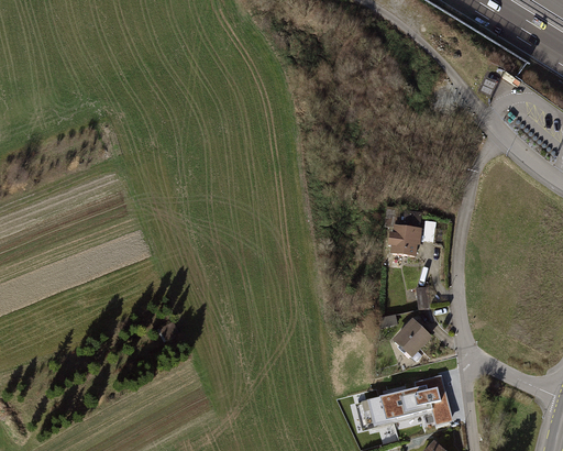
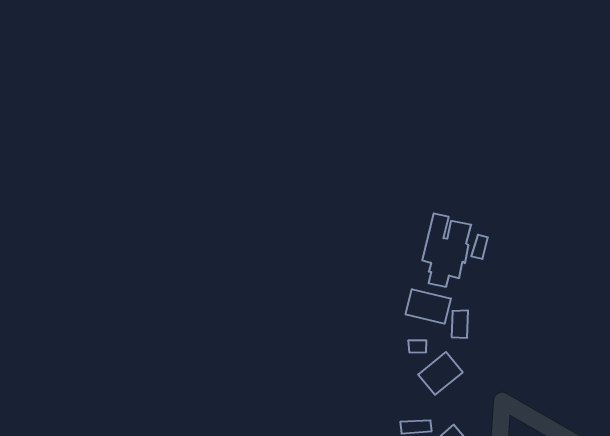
building: none -> [406,289,451,324]

